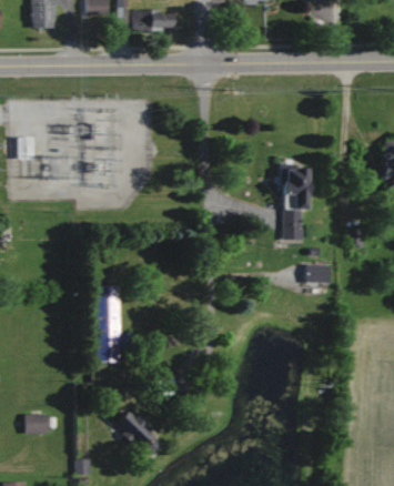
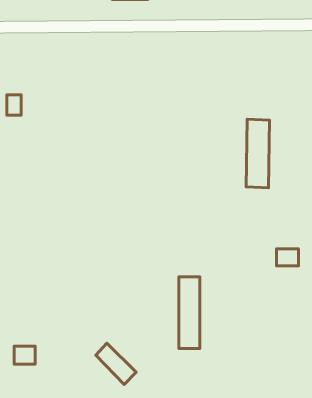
building: [306,263,331,282] -> [276,249,299,266]
building: [98,283,121,362] -> [179,277,200,348]

